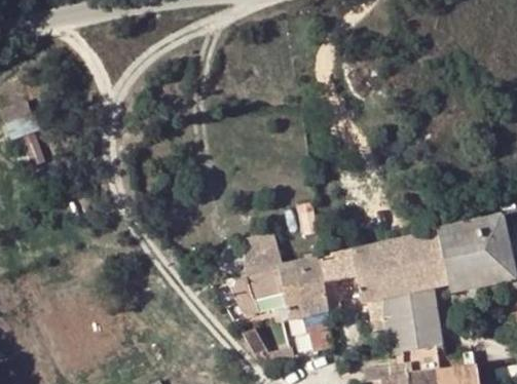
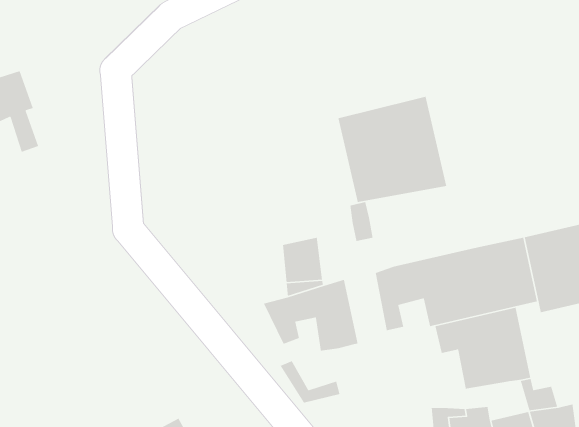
building: none -> [337,96,447,203]
building: [295,259,336,352] -> none

